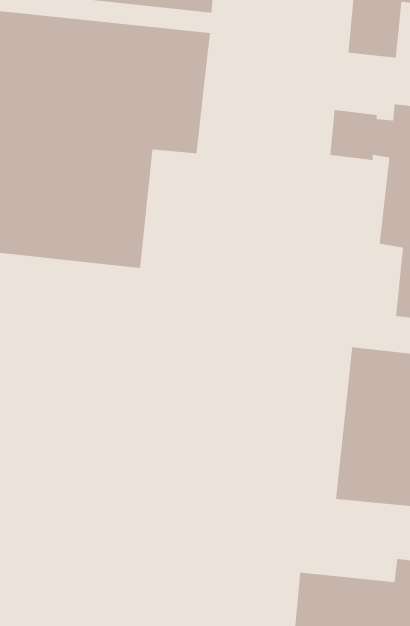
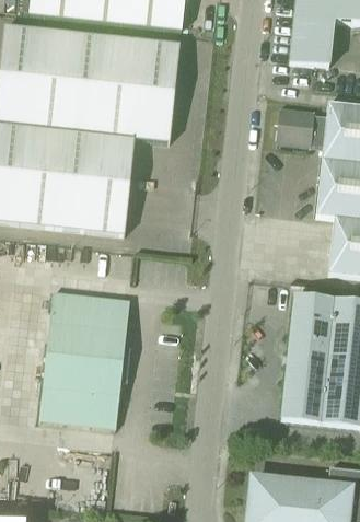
building: none -> [38,291,130,427]

